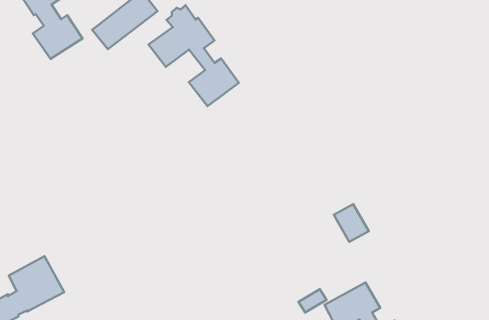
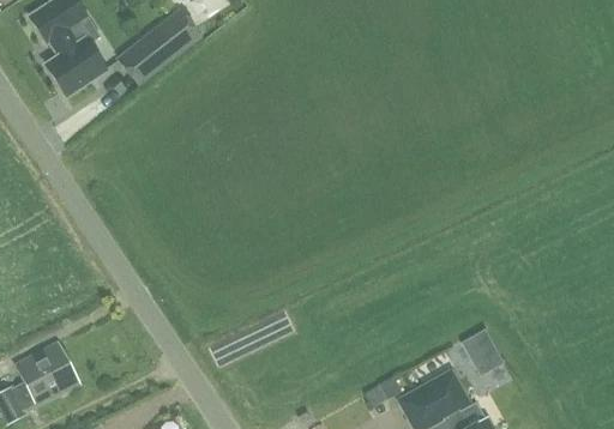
building: [149,5,239,106] -> none
building: [334,204,369,242] -> [459,330,502,376]

